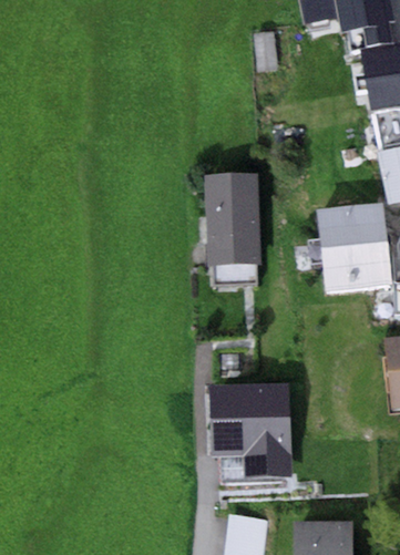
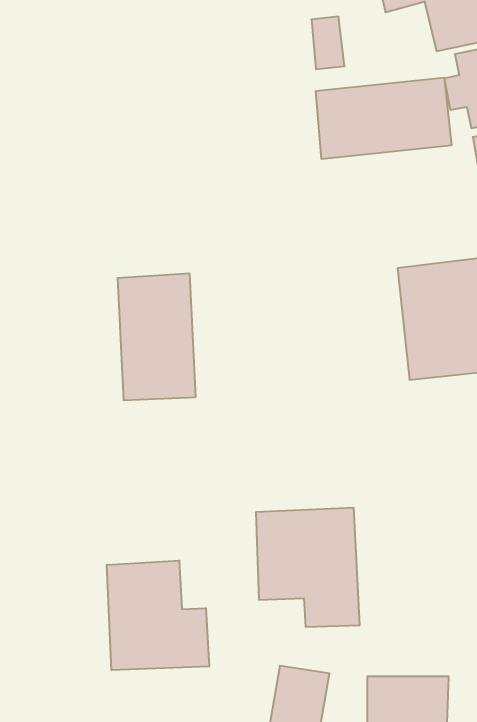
building: none -> [316,78,451,159]
building: [203,176,260,269] -> [117,274,196,400]
building: none -> [107,560,209,670]

